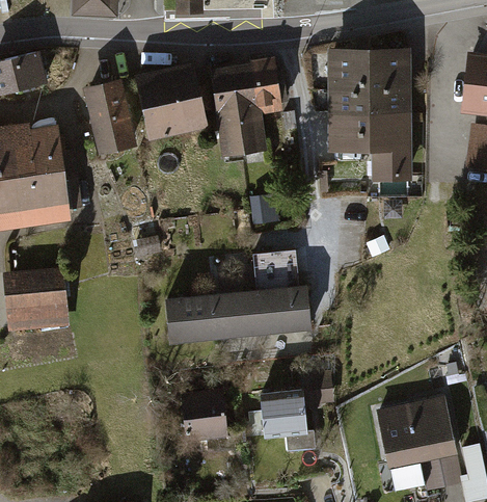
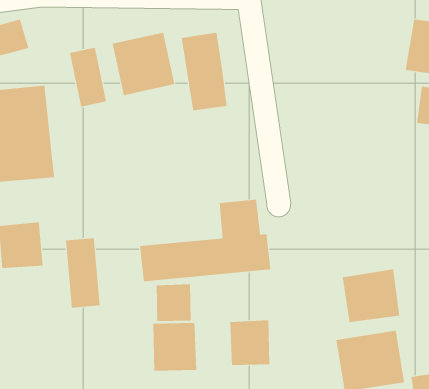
building: [329,54,403,179] -> none
building: [249,63,283,110] -> none
building: none -> [65,238,100,308]
building: none -> [342,269,400,323]
building: none -> [156,284,191,322]

